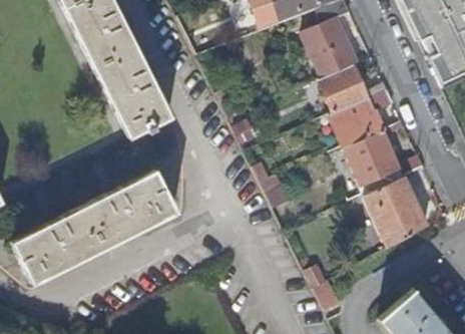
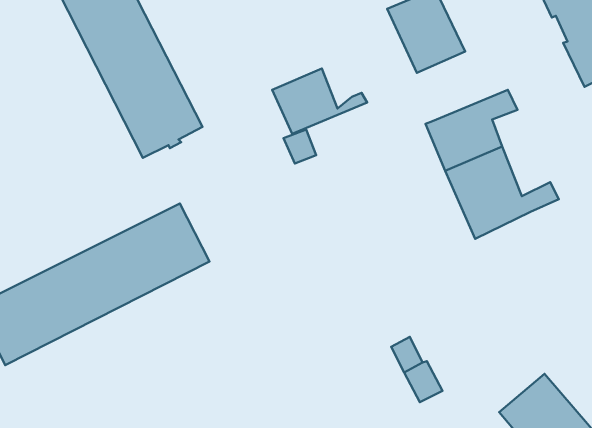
building: [321,66,388,112] -> [272,69,367,134]
building: [365,177,427,247] -> none

